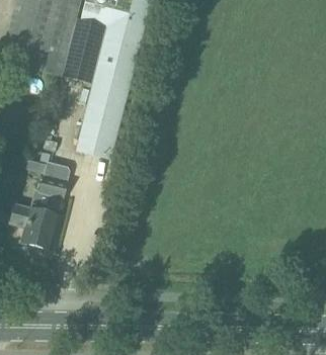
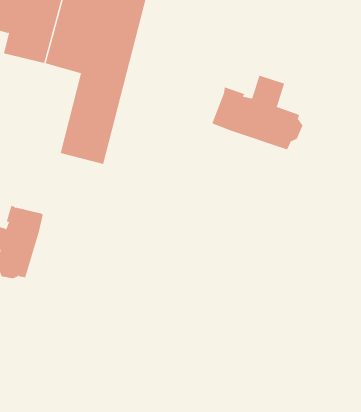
building: none -> [212,75,303,150]
building: [40,158,71,195] -> none

